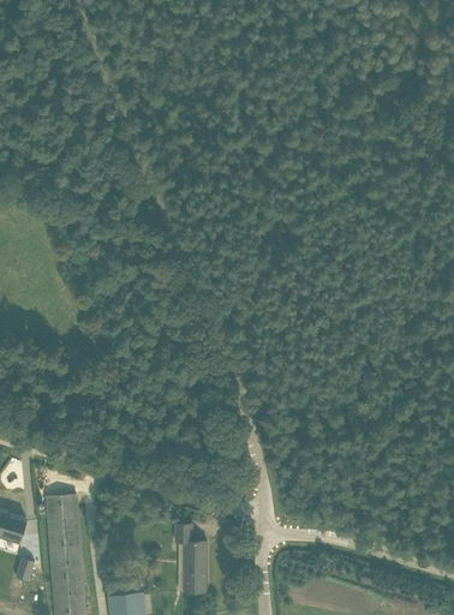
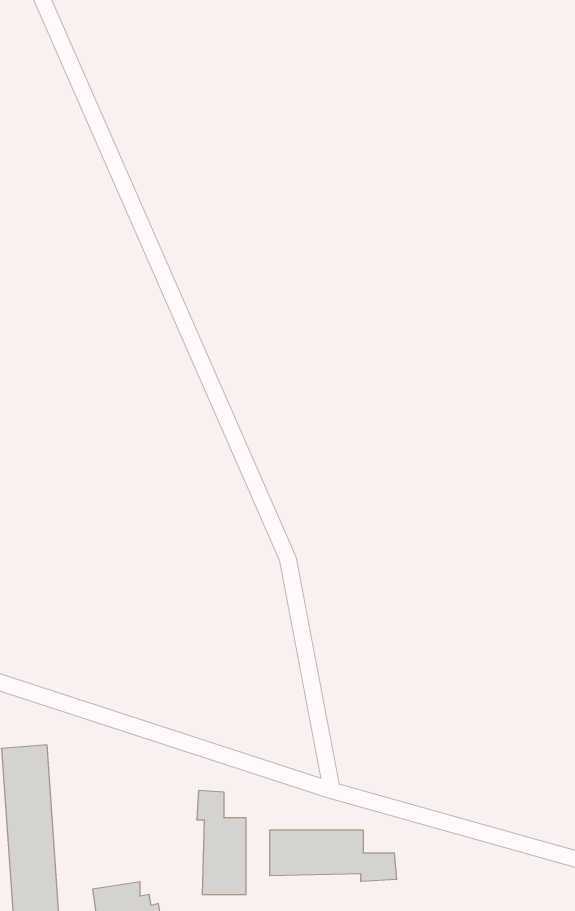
building: none -> [270,830,396,882]

